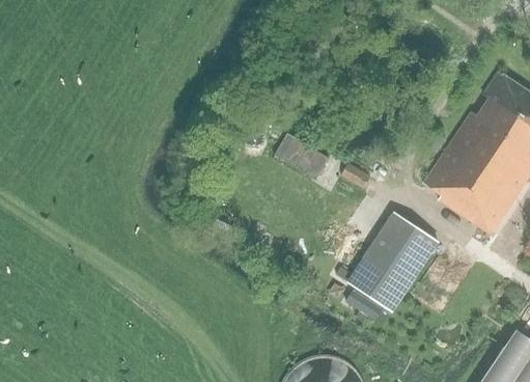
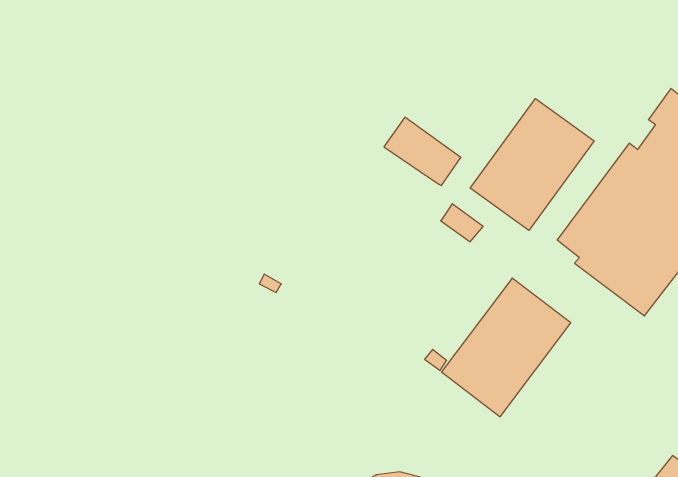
building: none -> [470,99,594,230]
building: [274,133,329,180] -> [384,117,461,186]

